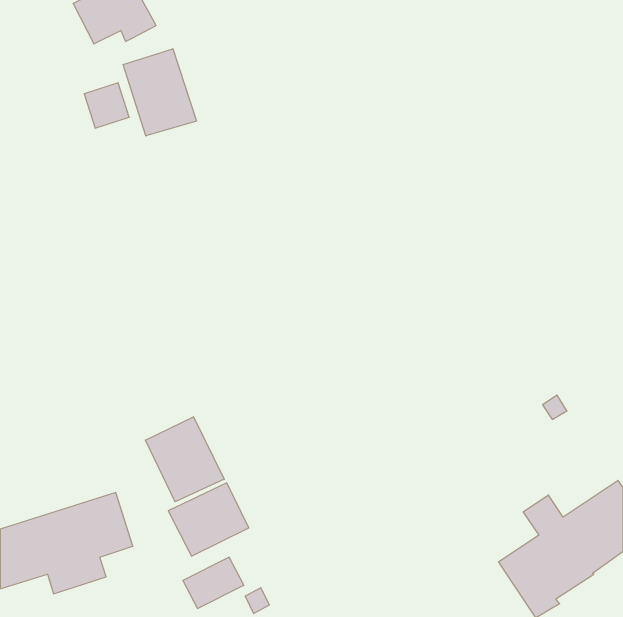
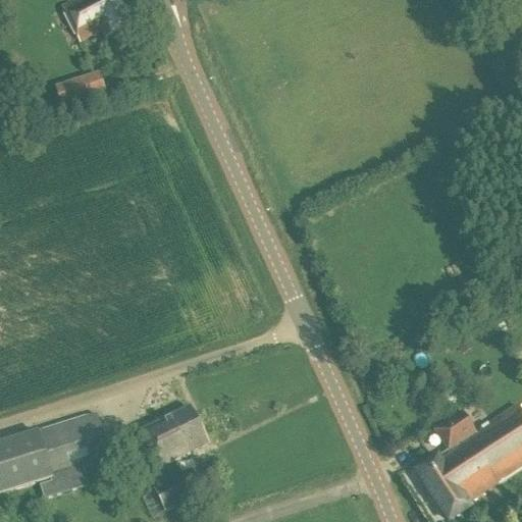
building: [123,49,196,136] -> none
building: [145,417,224,502] -> none

